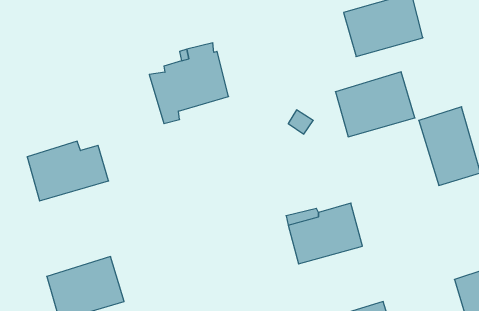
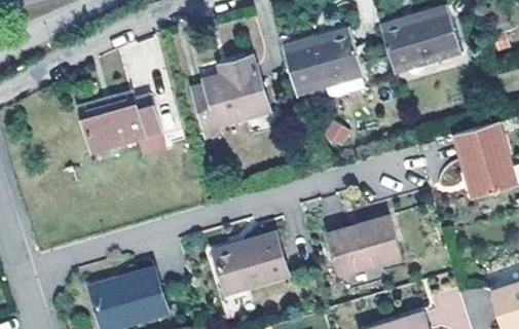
building: [335,72,415,137] -> [286,30,364,94]
building: [27,141,109,201] -> [82,94,162,152]
building: none -> [214,231,287,292]

